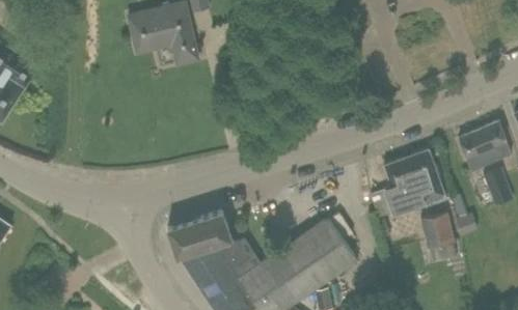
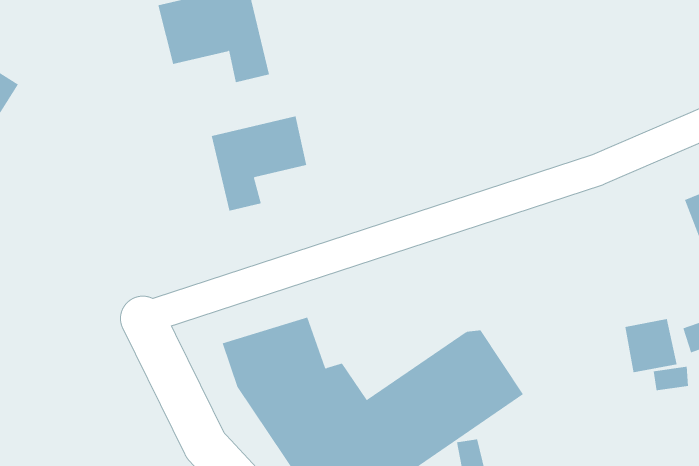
building: none -> [211,116,307,211]
building: [371,149,445,236] -> none

